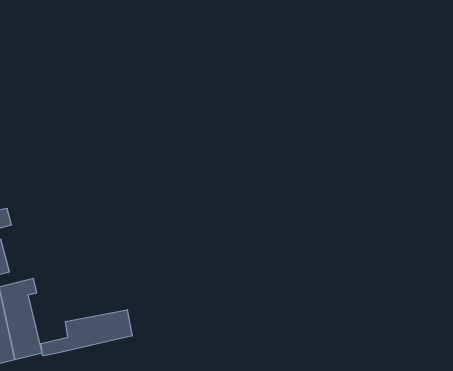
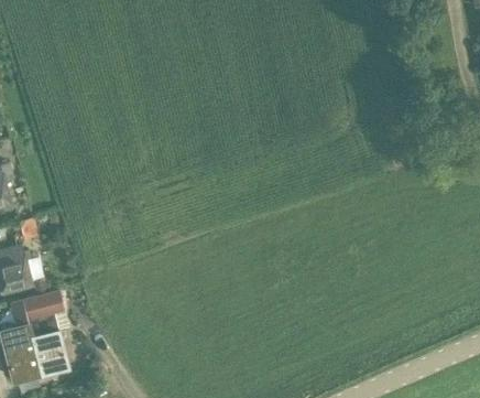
building: [41,310,132,356] -> none

